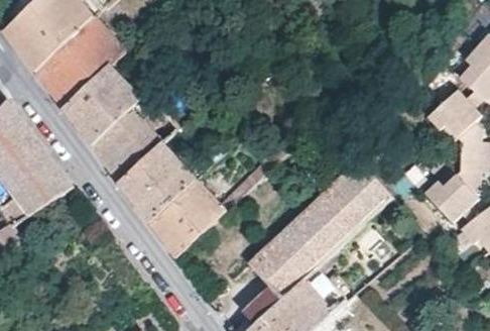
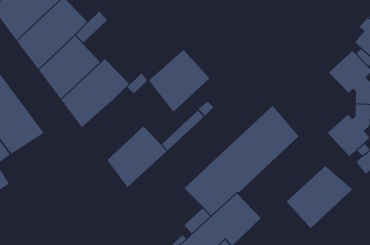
building: [118,143,196,223] -> [148,49,210,113]
building: none -> [286,165,353,229]

